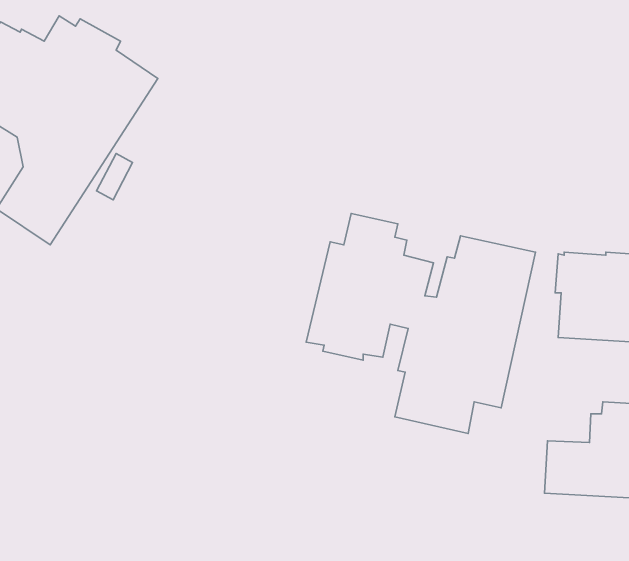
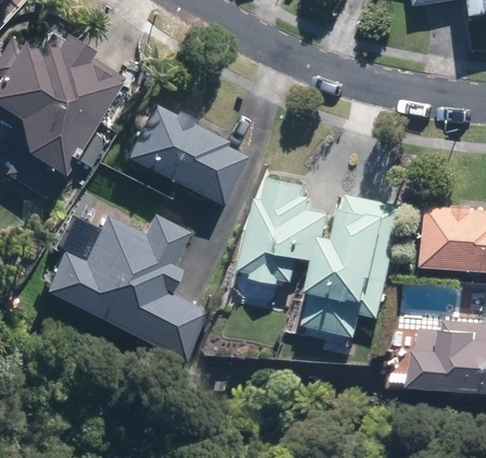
building: none -> [129,104,250,207]
building: none -> [48,214,212,363]

